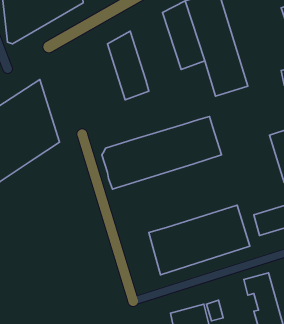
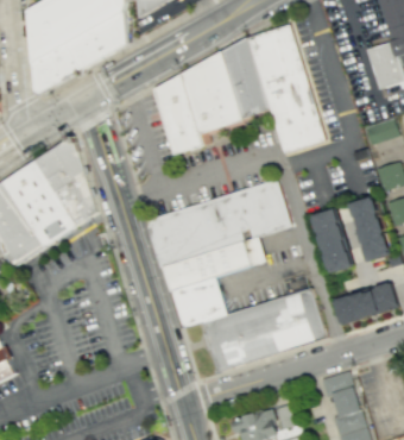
building: none -> [182,55,244,137]
building: none -> [313,209,356,275]
building: none -> [164,238,266,328]

